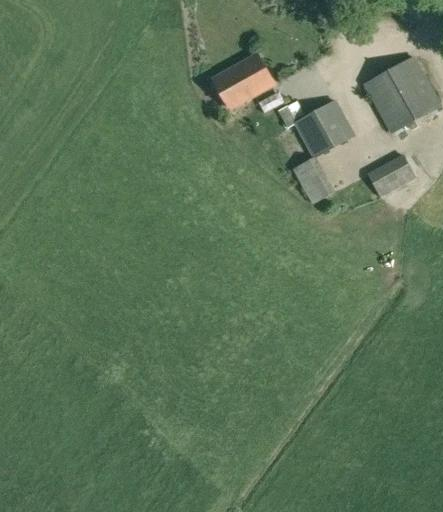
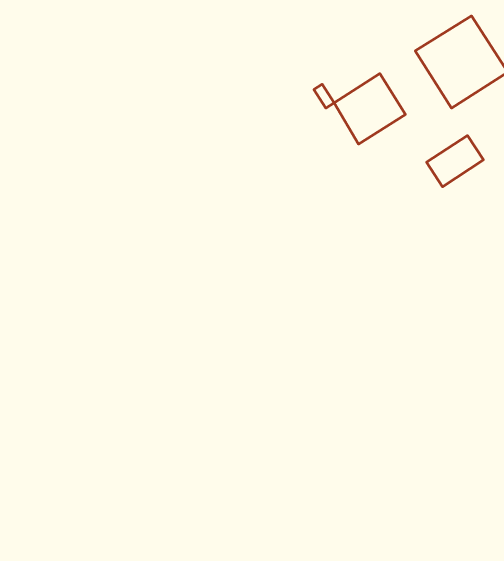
building: [213,54,274,108] -> none
building: [293,156,336,205] -> none

